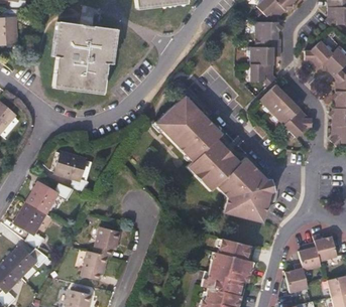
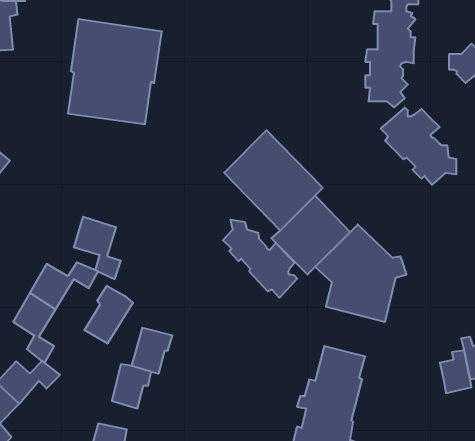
building: none -> [223,219,297,298]
building: none -> [84,286,133,344]
building: [285,263,309,292] -> none

